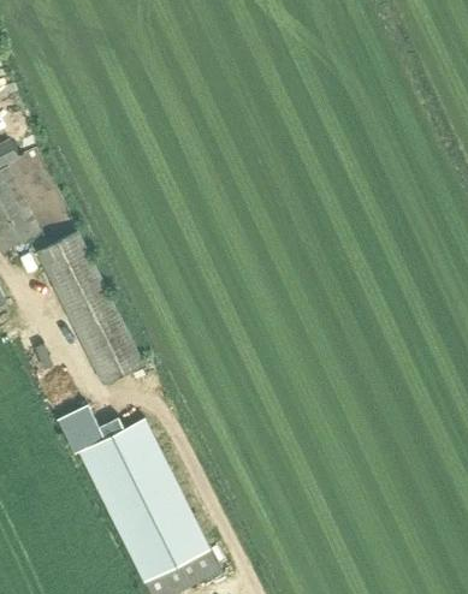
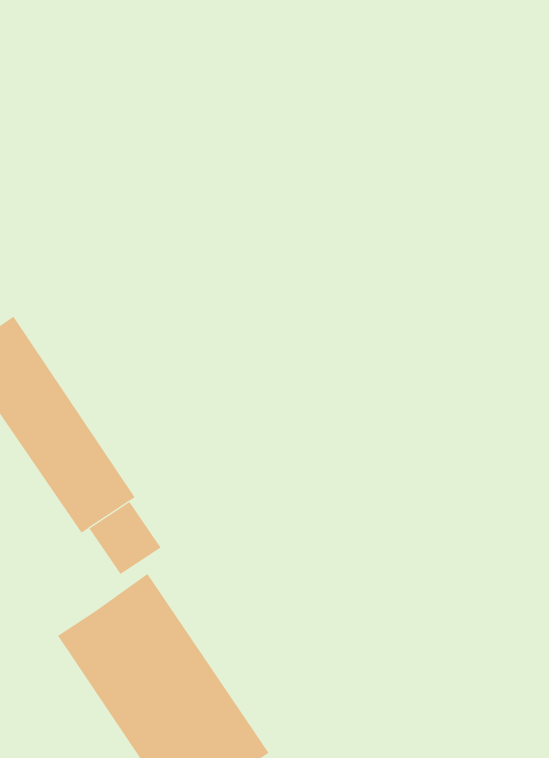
building: [59,403,106,451] -> [89,501,161,575]

